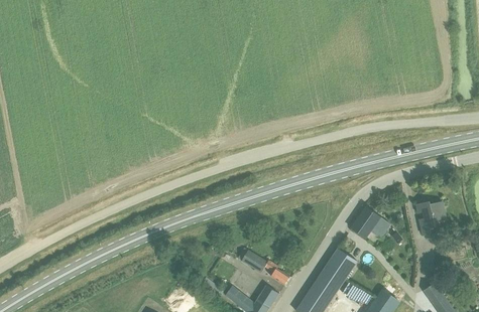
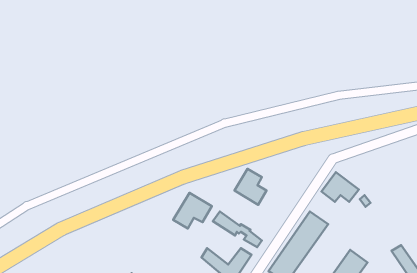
building: [416,201,446,235] -> none
building: none -> [235,169,267,205]
building: none -> [173,193,212,228]

